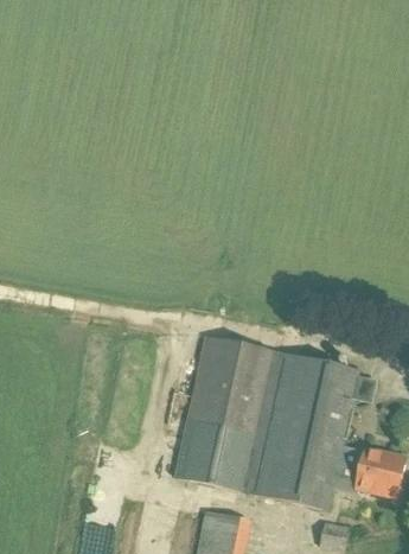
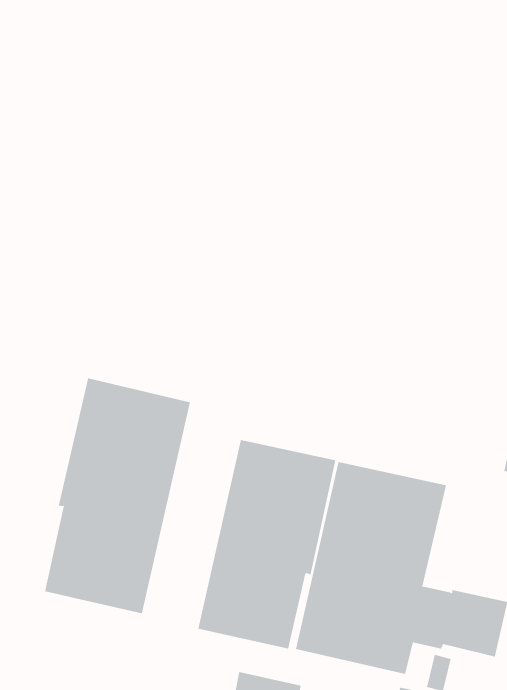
building: none -> [44,377,190,614]

